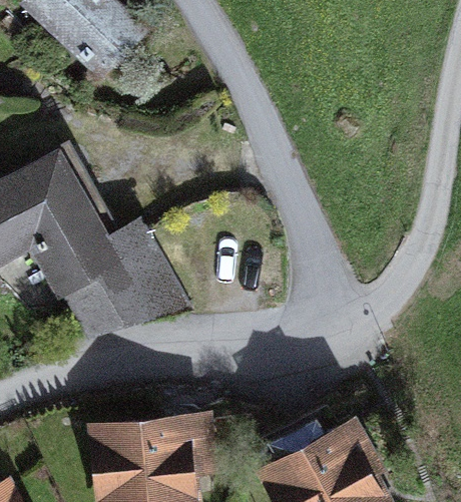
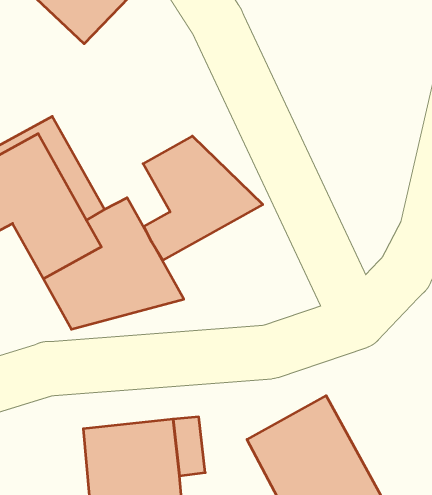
building: none -> [143,136,263,260]

